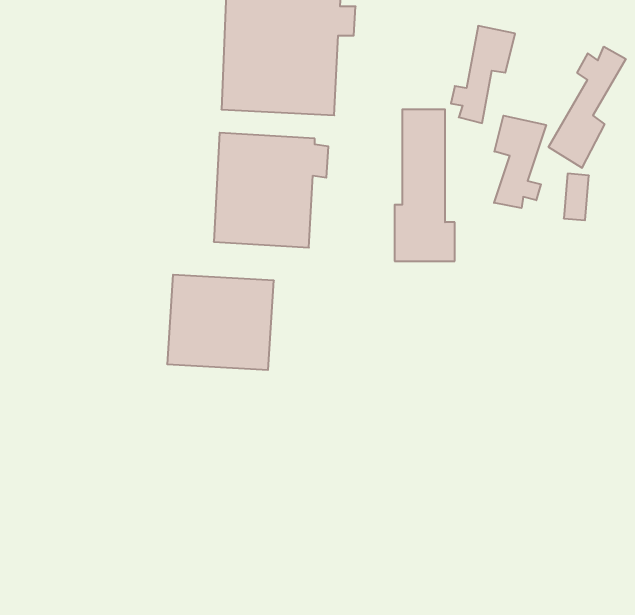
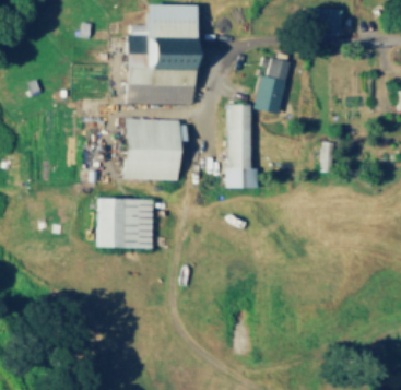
building: [549,47,626,168] -> none
building: [494,116,546,208] -> none

